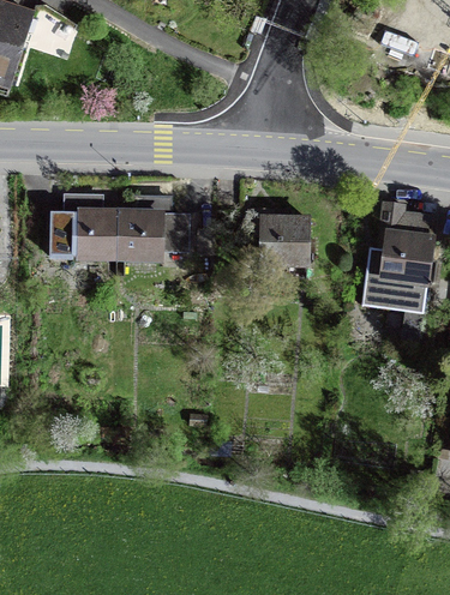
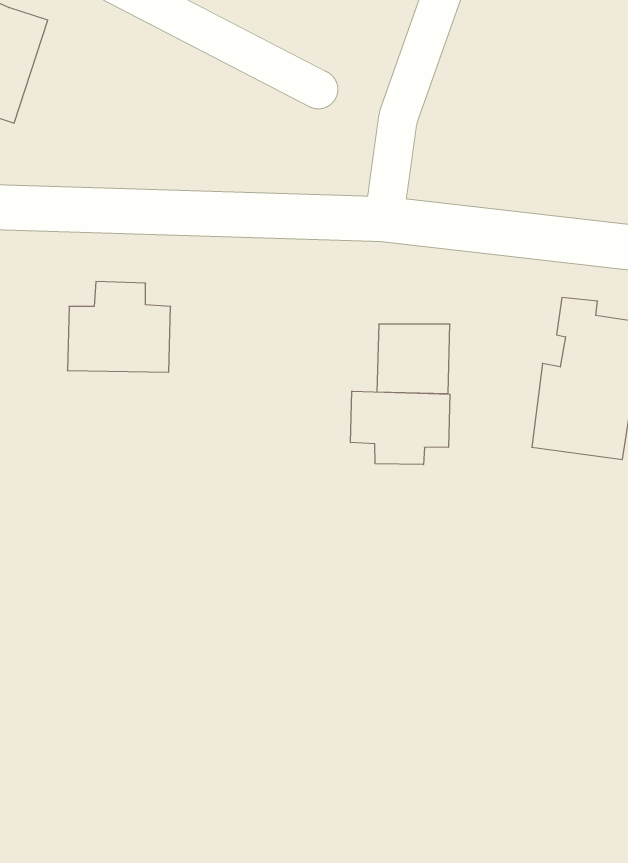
building: [116,197,186,258] -> none
building: none -> [351,391,450,465]

